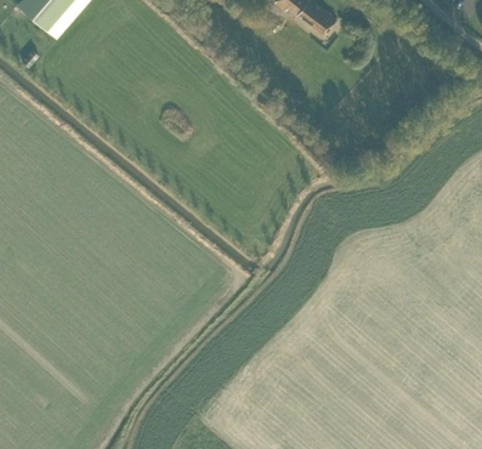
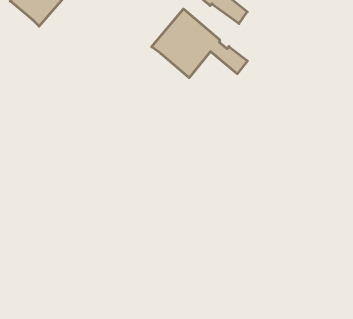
building: none -> [152,9,247,78]

